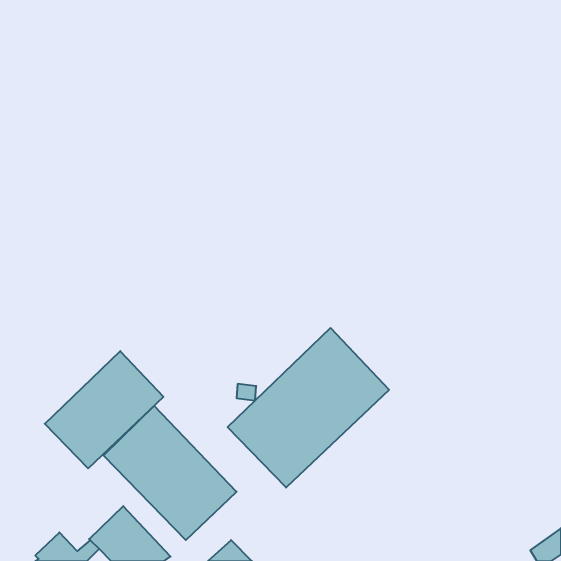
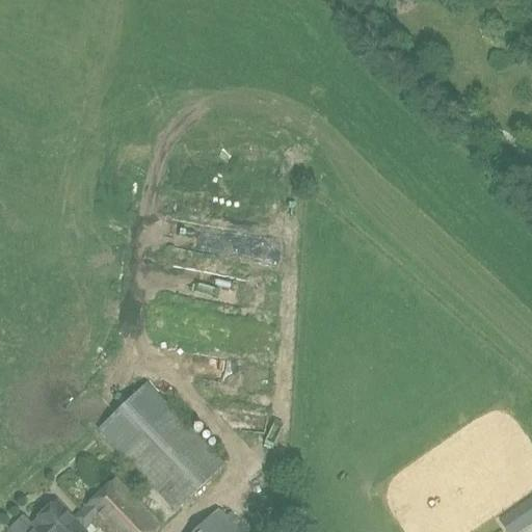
building: [228,328,389,488] -> none
building: [45,351,163,468] -> none

